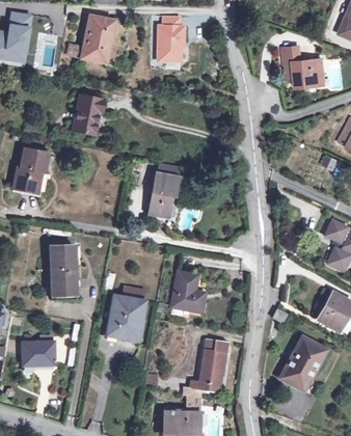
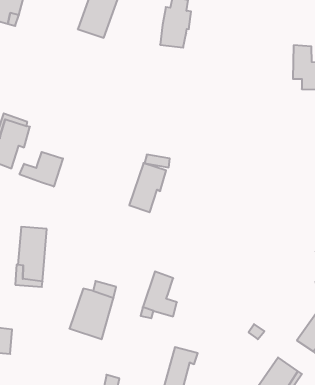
building: [74,94,104,133] -> none
building: none -> [20,152,63,187]

